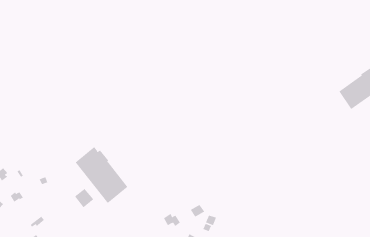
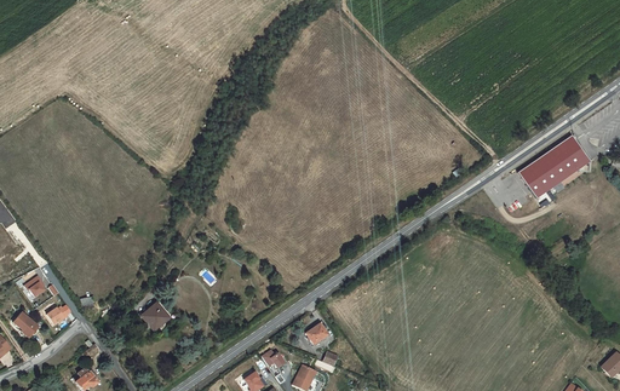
building: [75,146,128,204] -> none

